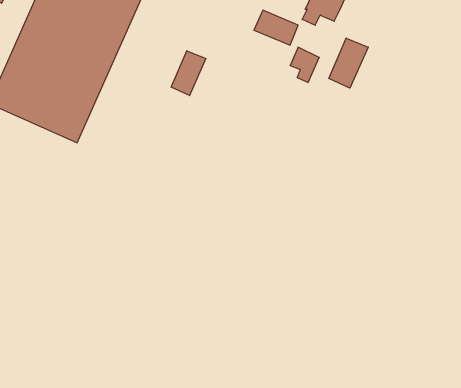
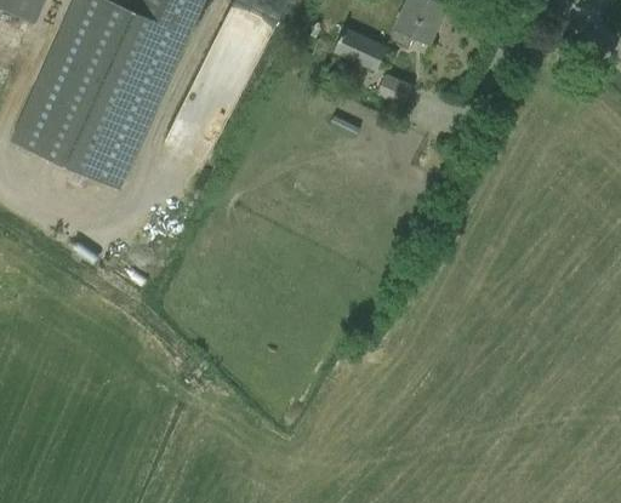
building: [329,38,368,88] -> none
building: [171,51,206,96] -> none

